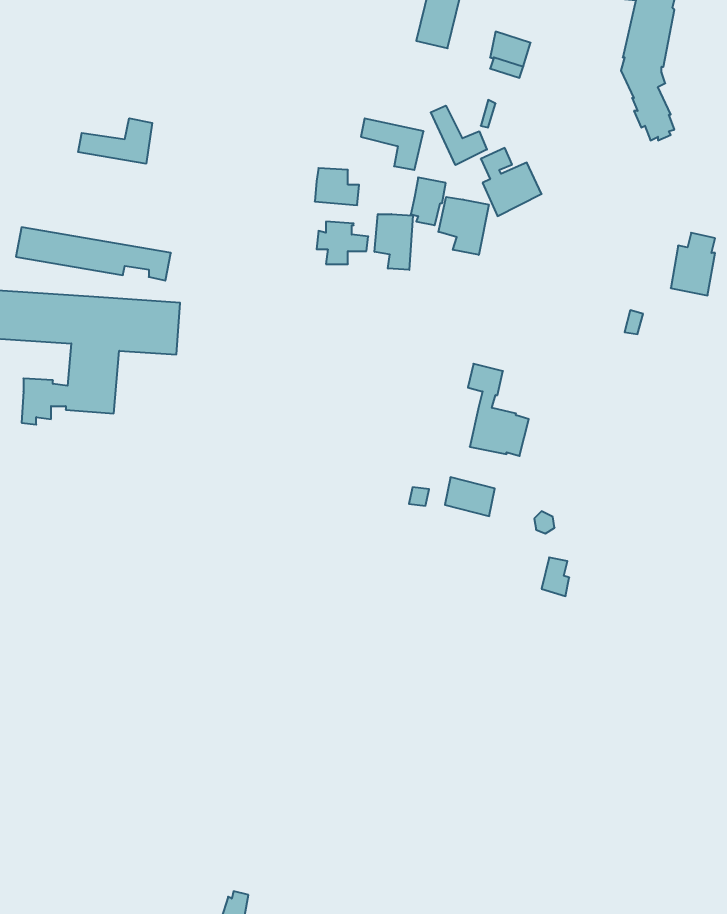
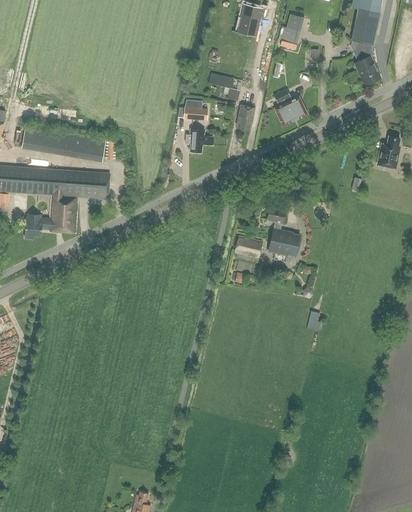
building: [431,106,487,165] -> none
building: [78,118,152,164] -> none
building: [438,197,489,255] -> none
building: [375,214,413,270] -> none
building: [445,477,495,516] -> [235,236,262,257]

